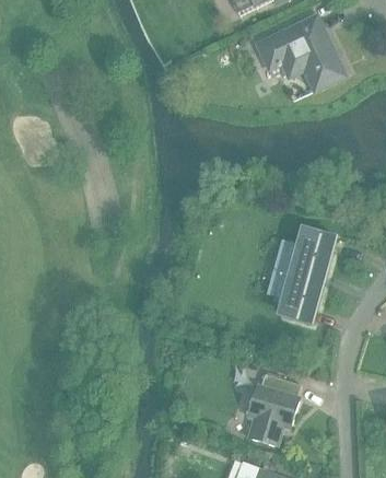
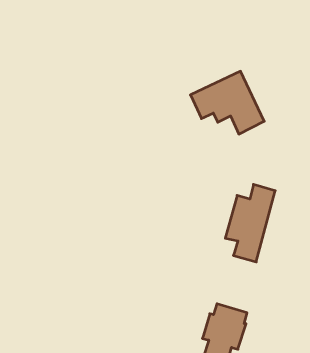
building: [255,14,343,90] -> [190,71,264,134]

